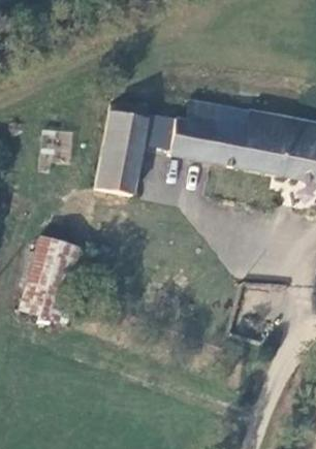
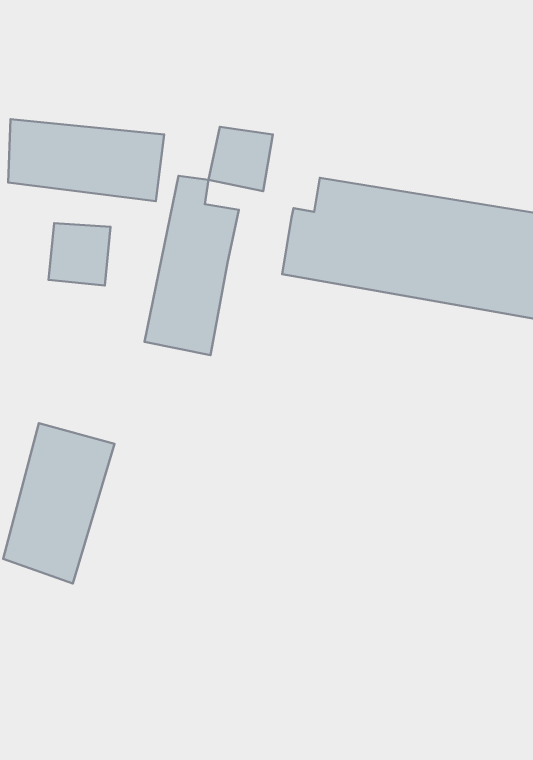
building: none -> [8,119,164,201]
building: [143,119,178,154] -> [209,127,273,191]

